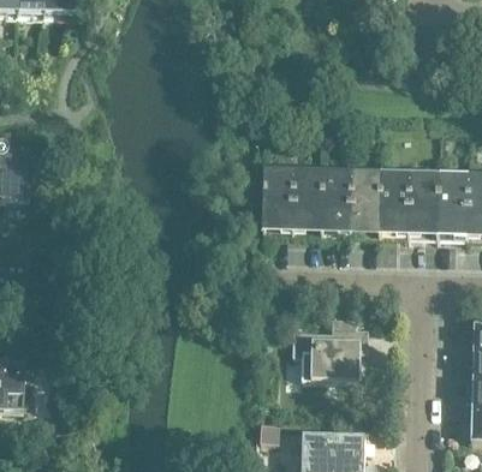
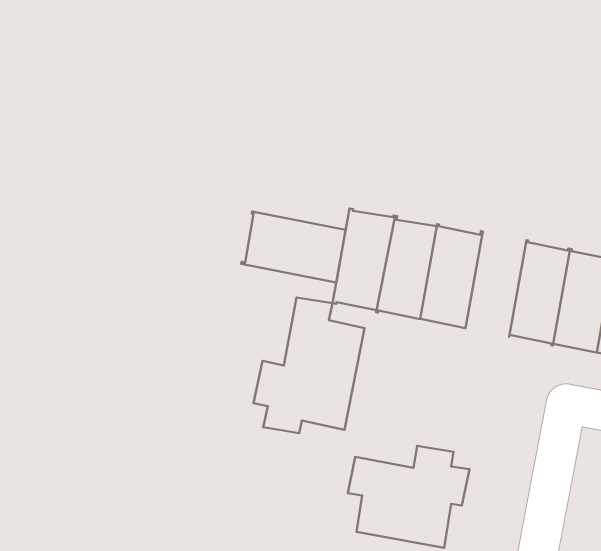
building: [352,169,382,234] -> none
building: none -> [241,211,346,283]
building: none -> [253,298,365,433]

